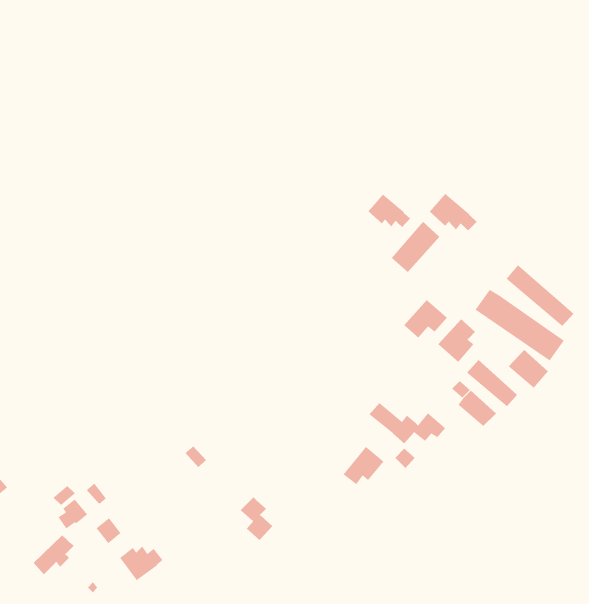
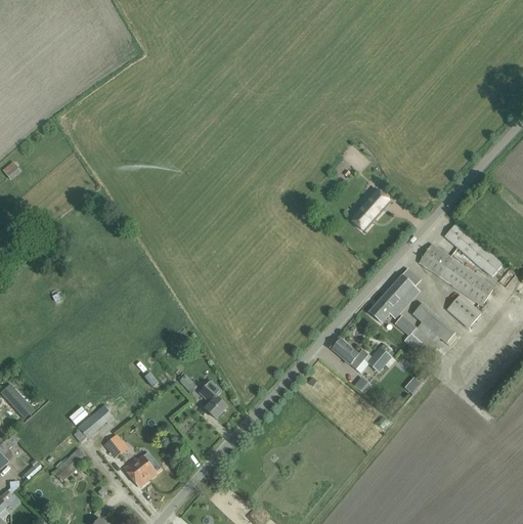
building: [429,193,478,231] -> none
building: [368,193,411,228] -> none
building: [404,299,448,339] -> [368,290,405,322]
building: [343,446,385,485] -> none
building: [240,496,273,541] -> [199,381,226,418]

